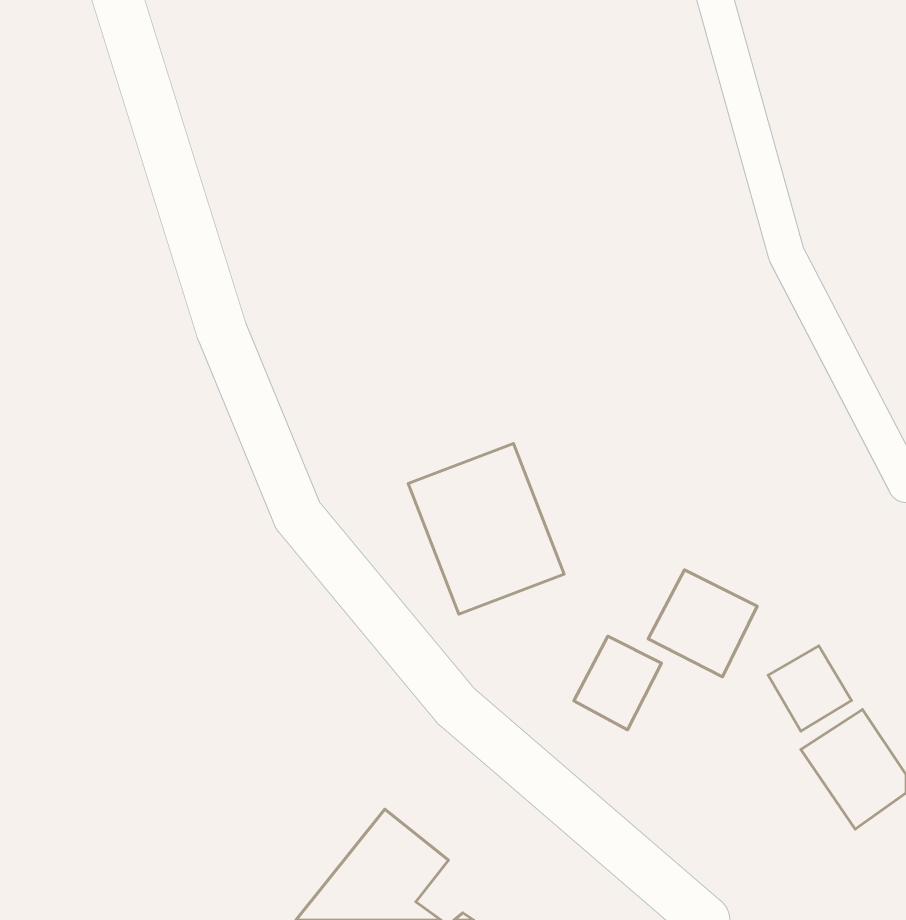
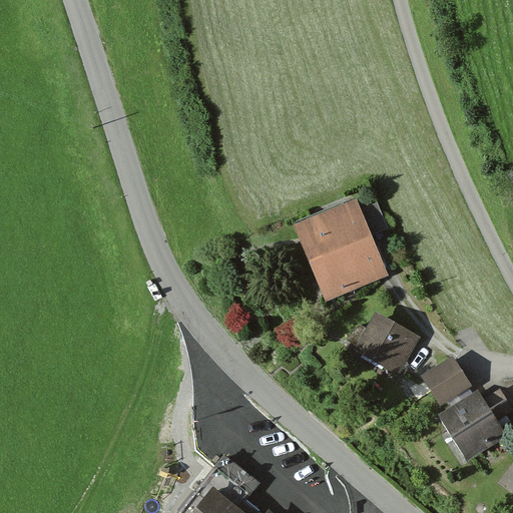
building: [408,443,564,614] -> [298,205,384,300]
building: [574,636,662,730] -> none

